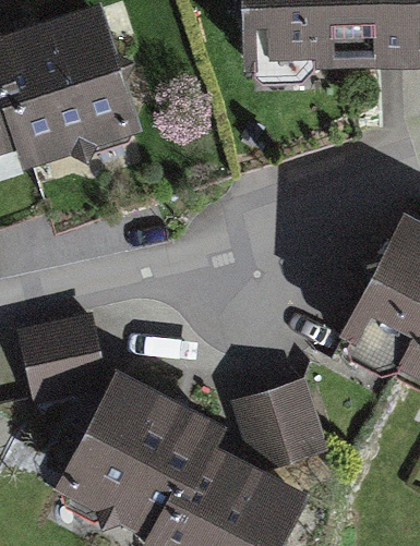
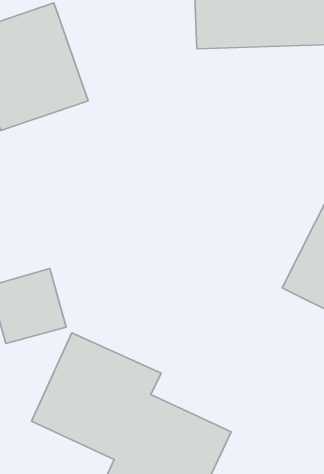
building: [240,386,325,470] -> none

